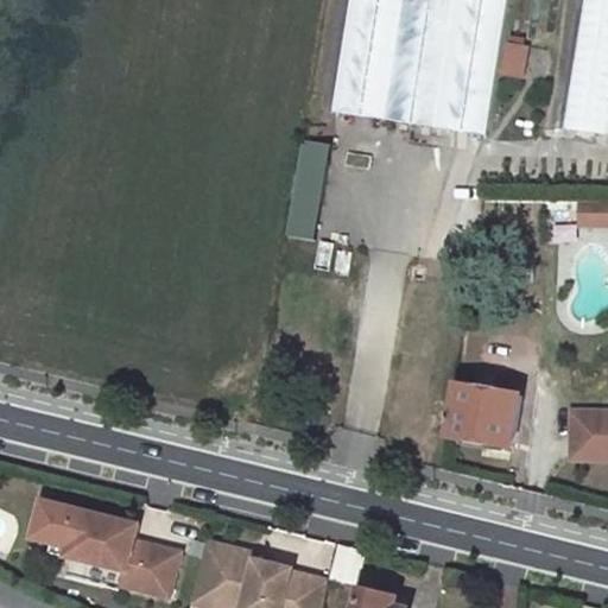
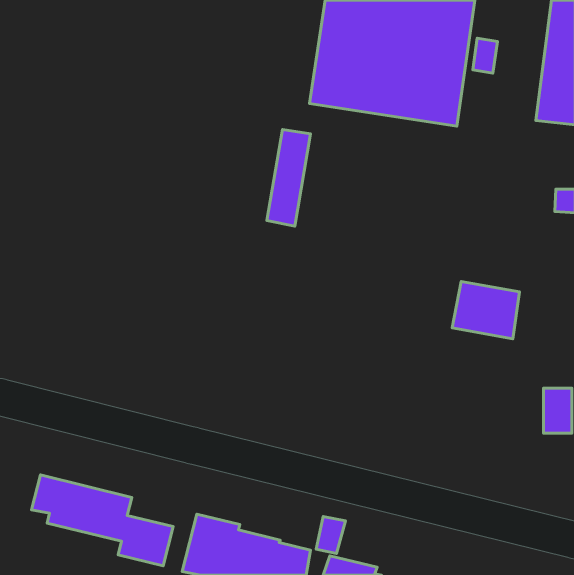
building: [449,387,520,448] -> [452,282,520,339]

